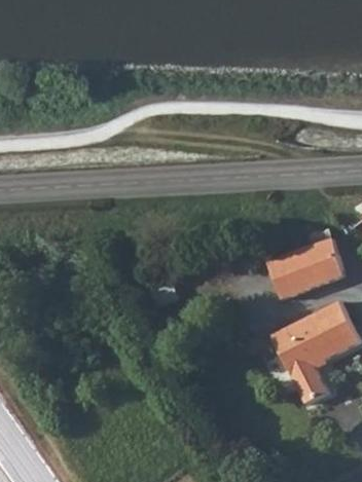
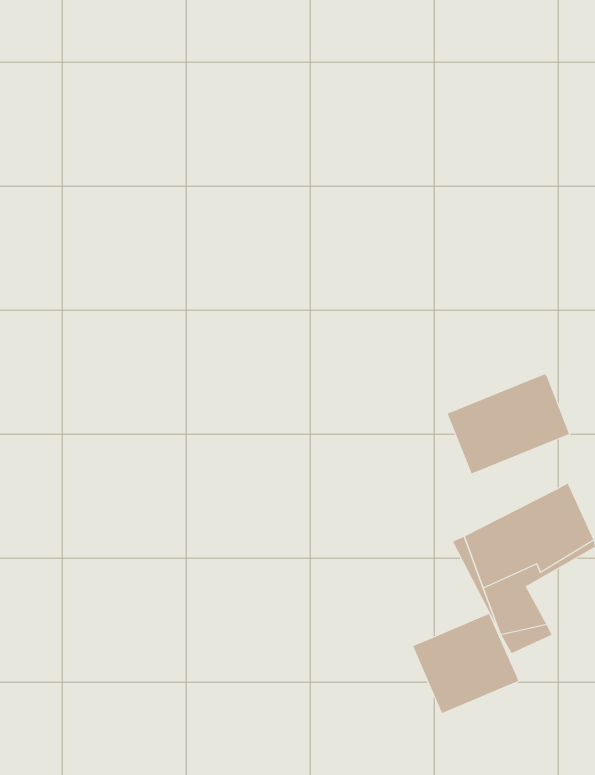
building: none -> [413,613,518,714]

